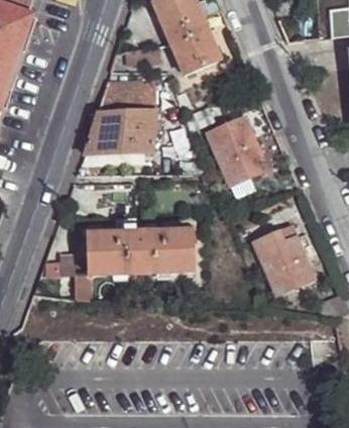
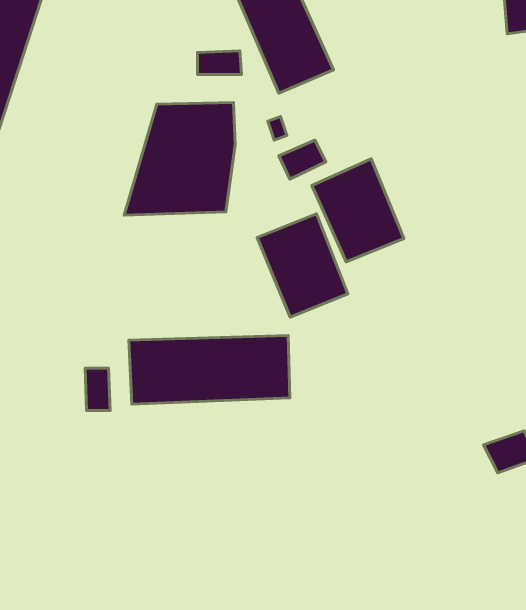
building: [253,226,312,293] -> [257,214,348,317]

